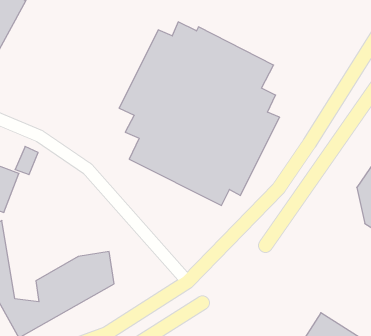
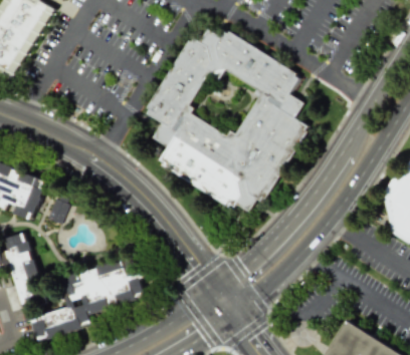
building: [15,146,38,175] -> [45,196,68,224]

